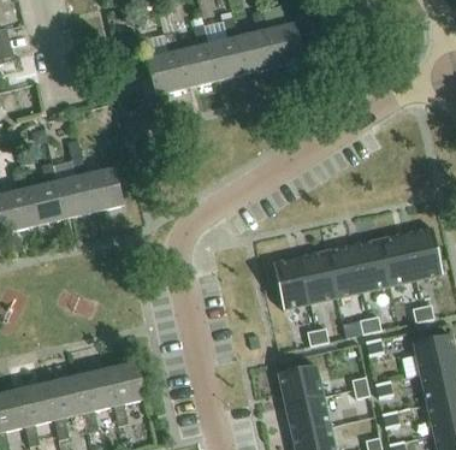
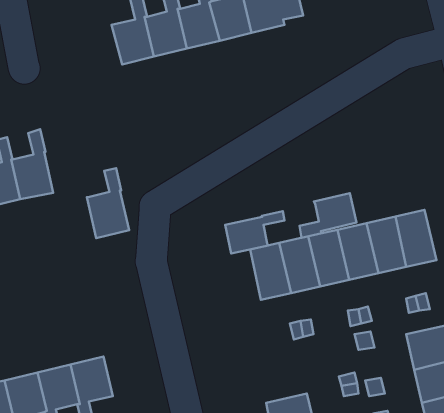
building: [83,148,122,212] -> [87,168,129,238]
building: none -> [299,193,357,238]
building: none -> [225,211,285,253]
building: [278,363,322,403] -> none

